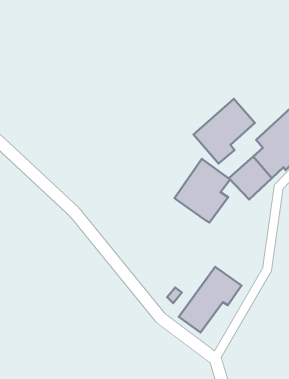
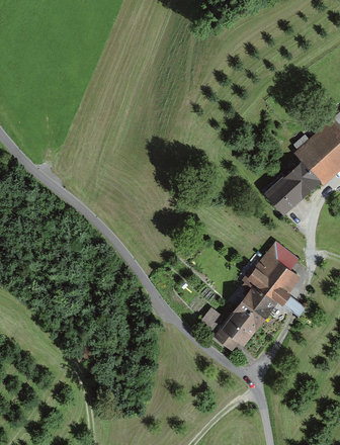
building: [193,99,255,164] -> none
building: [174,159,230,222] -> [246,241,304,306]

